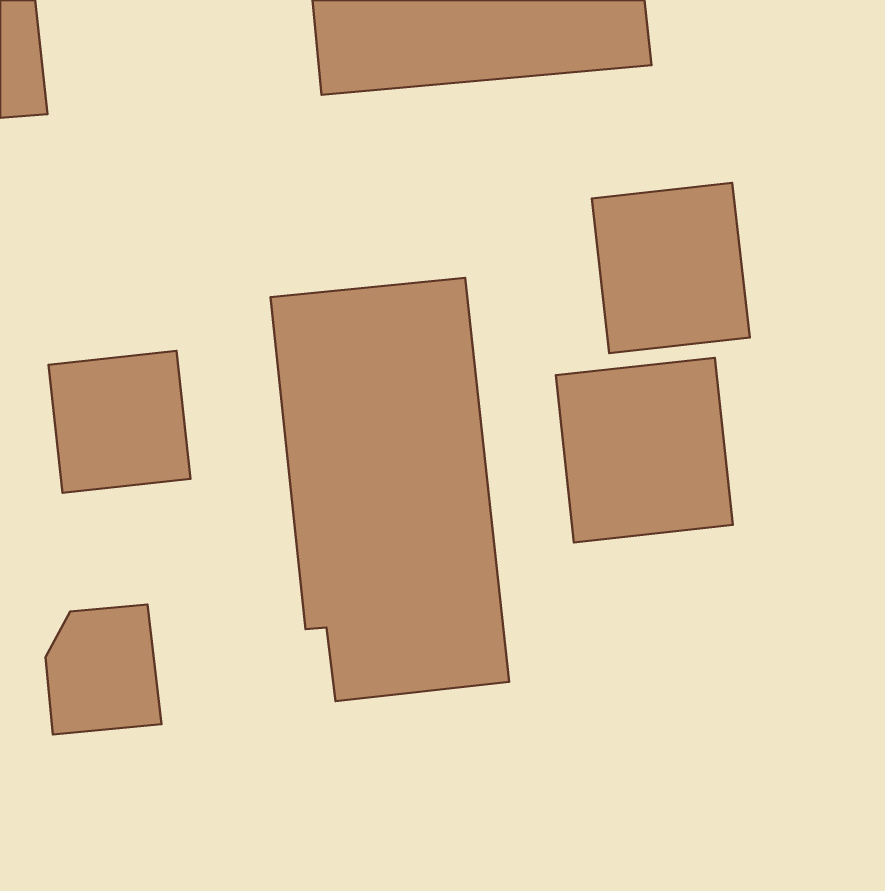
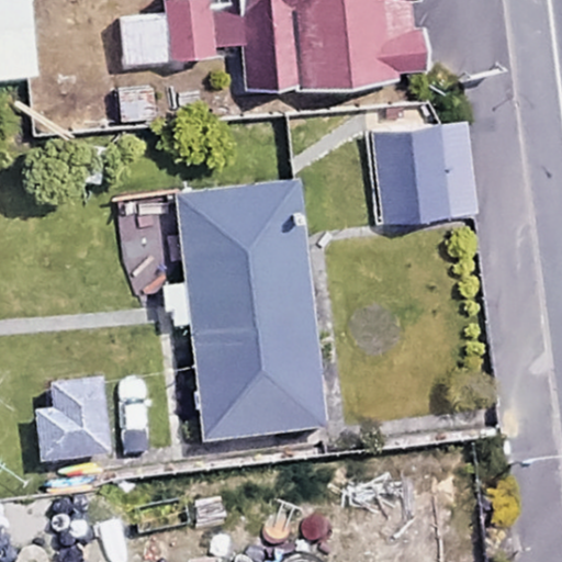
building: [49,351,190,493] -> none
building: [556,358,733,542] -> none

